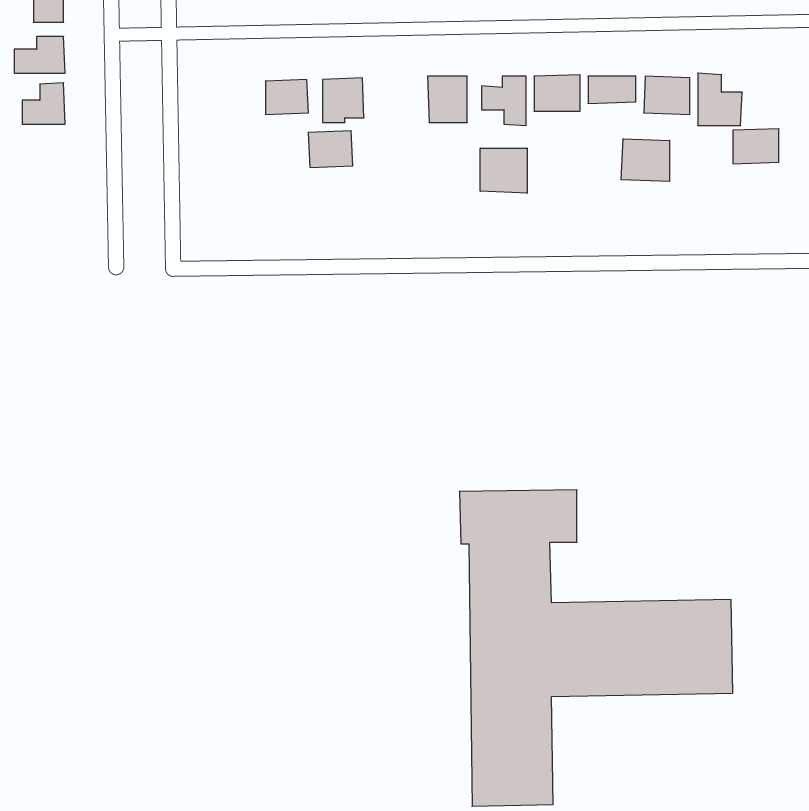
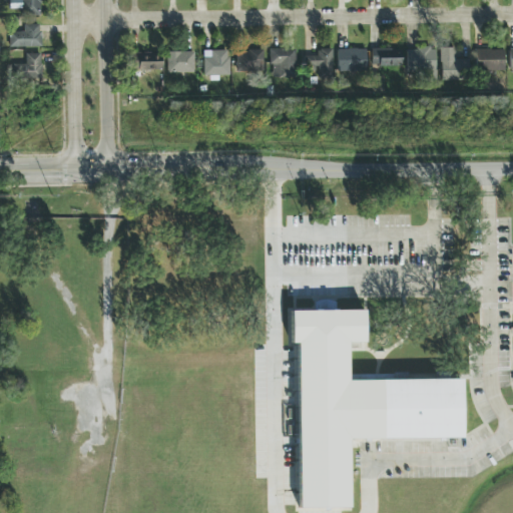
building: none -> [136,52,160,70]
building: [733,129,779,164] -> [477,48,506,70]
building: [308,131,353,167] -> [237,48,266,71]
building: [621,139,670,181] -> none
building: [480,148,527,193] -> none

